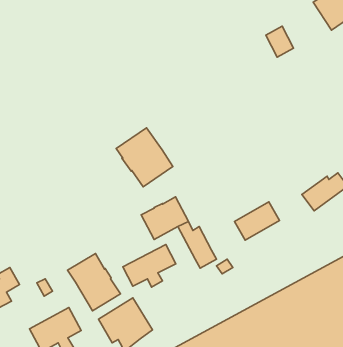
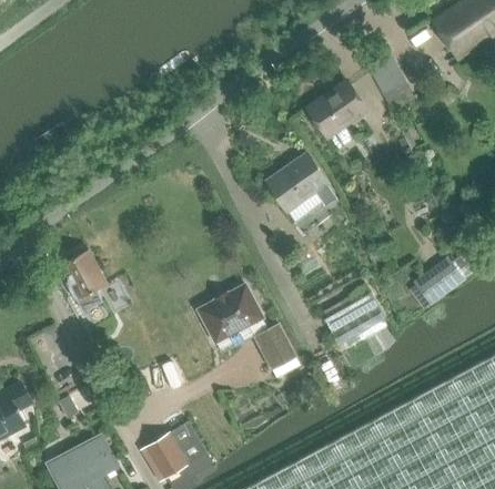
building: none -> [306,85,368,151]
building: [116,128,173,187] -> [270,151,346,231]
building: none -> [61,249,105,312]
building: [123,244,176,287] -> none
building: [68,253,120,311] -> none

